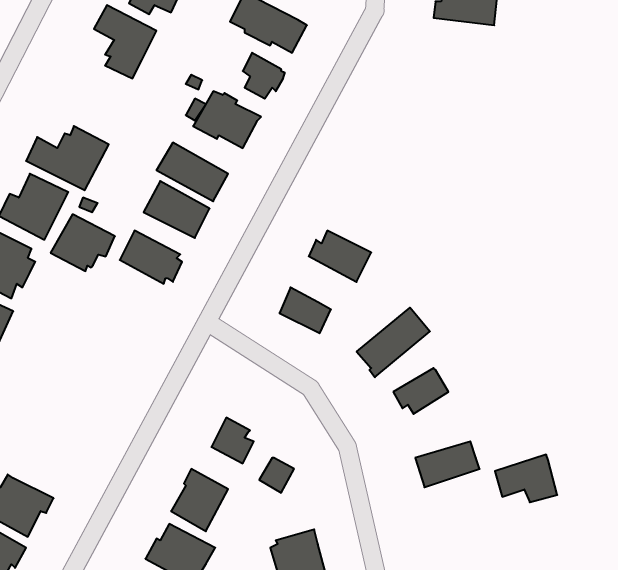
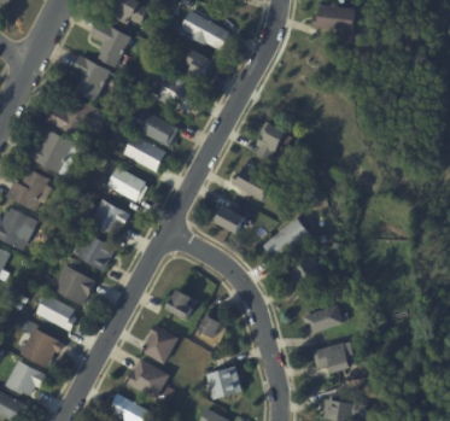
building: none -> [69,53,110,100]
building: none -> [253,119,286,159]
building: [51,214,115,271] -> [87,198,129,235]
building: none -> [76,232,115,268]
building: none -> [52,263,95,304]
building: none -> [35,293,76,331]
building: [495,455,557,502] -> [310,340,351,372]

